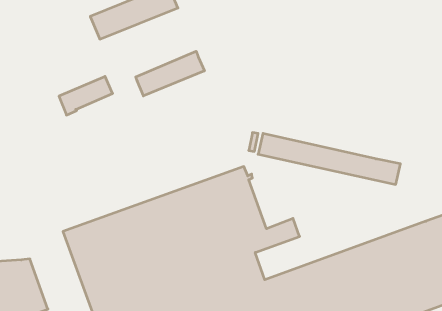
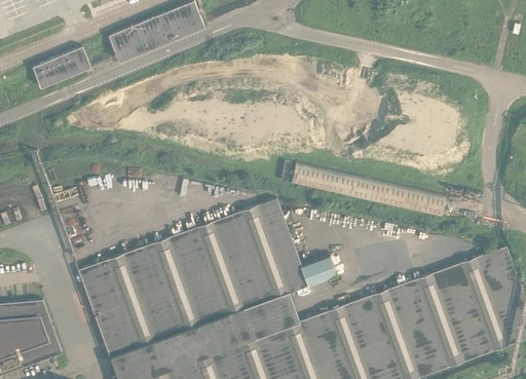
building: [136,51,204,96] -> none
building: [59,76,113,115] -> [31,47,89,89]

